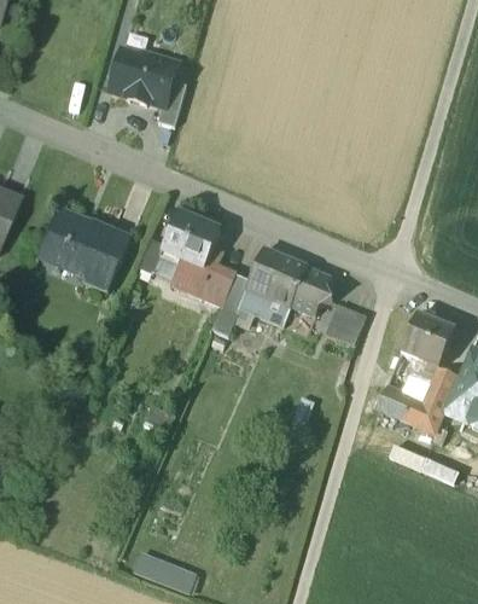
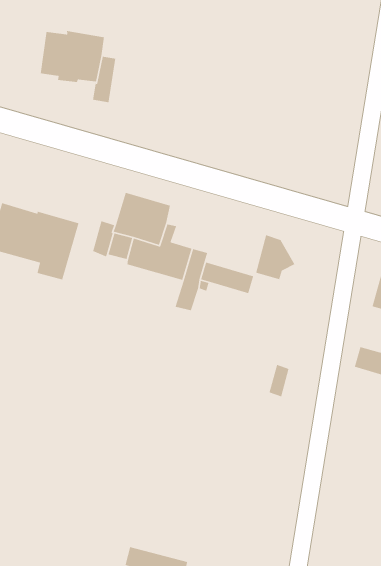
building: [247,249,309,308] -> none
building: [326,303,367,345] -> none

